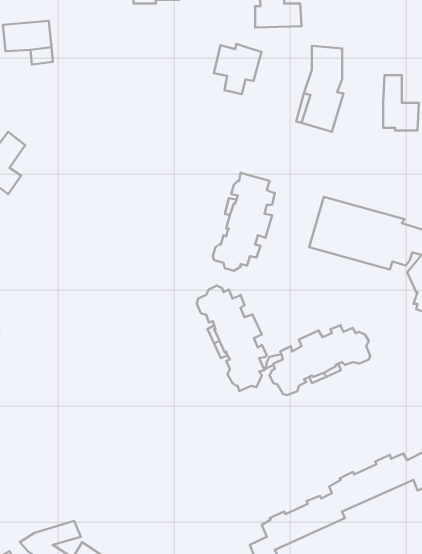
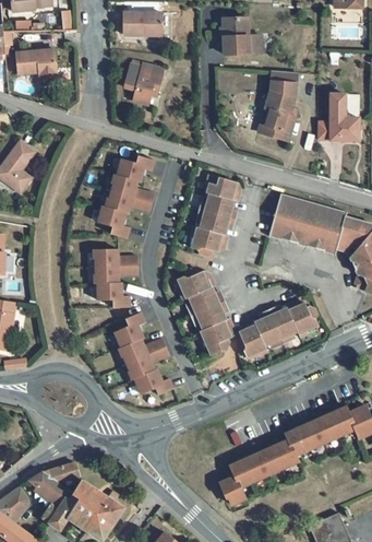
building: [214,44,262,94] -> [124,62,164,104]
building: none -> [98,155,154,238]
building: none -> [93,249,137,307]
building: none -> [115,311,173,394]

